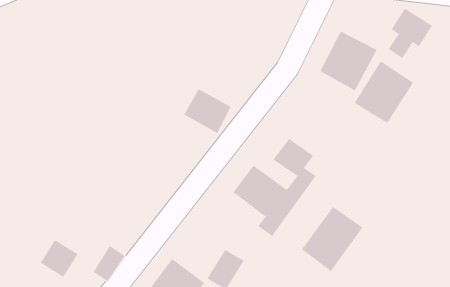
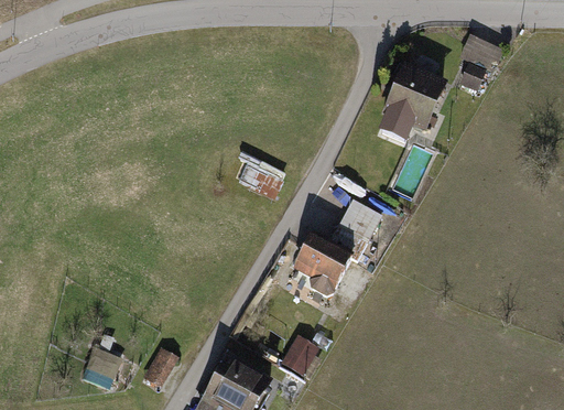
building: [354,61,414,124] -> none
building: [301,206,363,272] -> none

